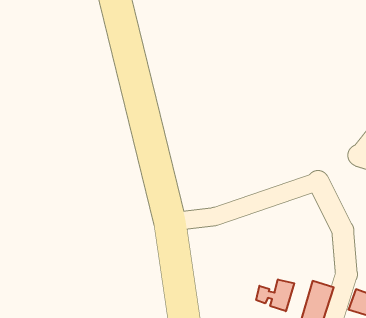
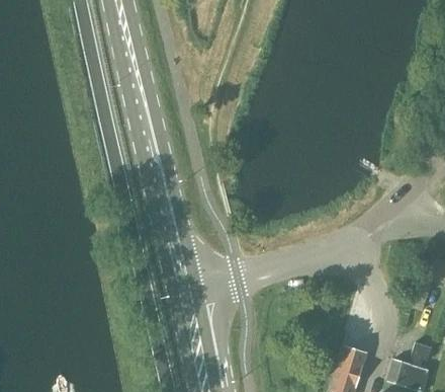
building: [256,279,294,311] -> none

